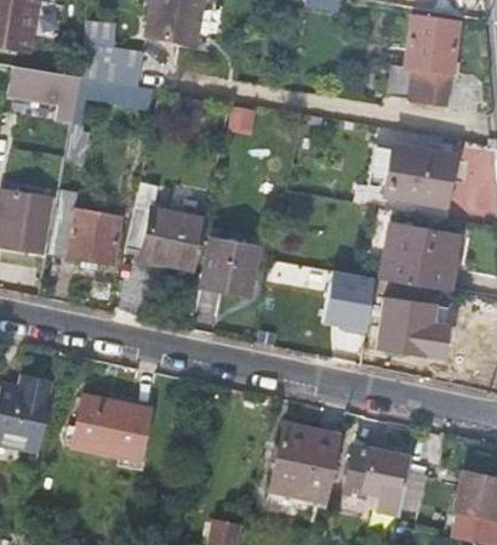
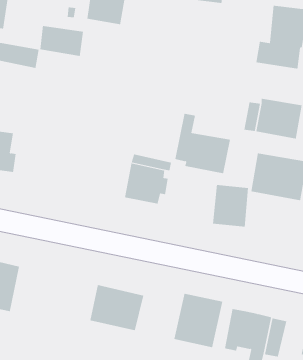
building: [74,78,154,112] -> none
building: [127,183,207,269] -> [174,113,231,174]
building: [48,195,124,263] -> none
building: [375,299,435,356] -> none
building: [73,396,150,461] -> [90,285,144,331]

